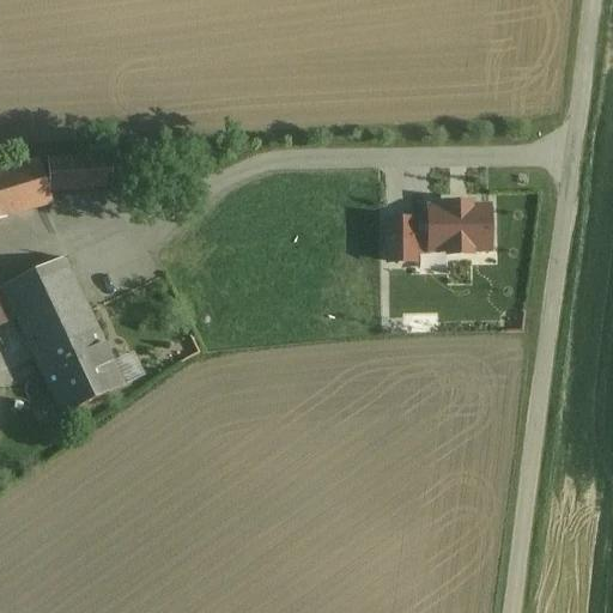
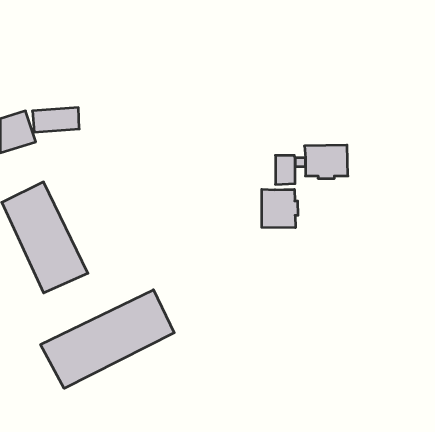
building: none -> [262,189,298,228]
building: none -> [41,290,174,388]

